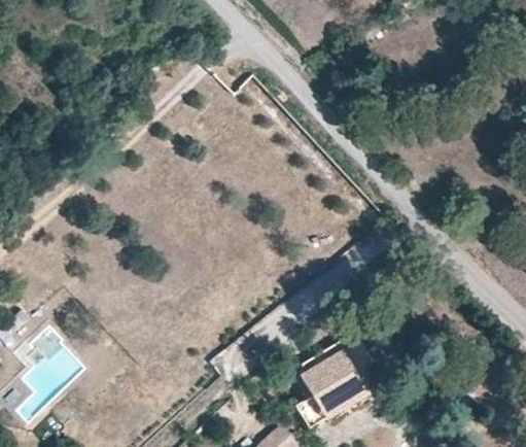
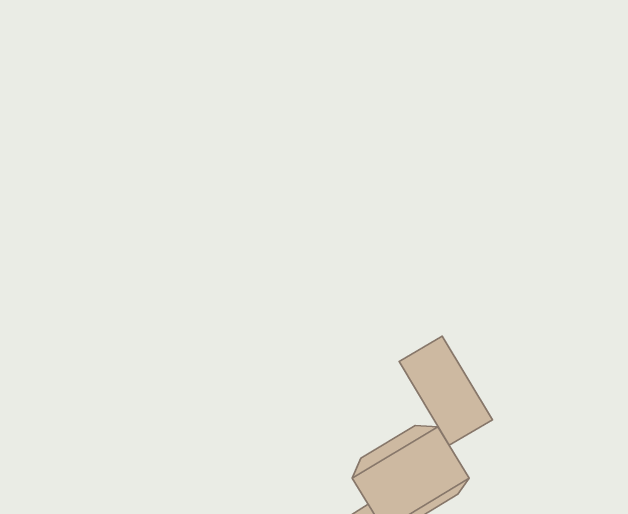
building: none -> [399,336,492,445]

